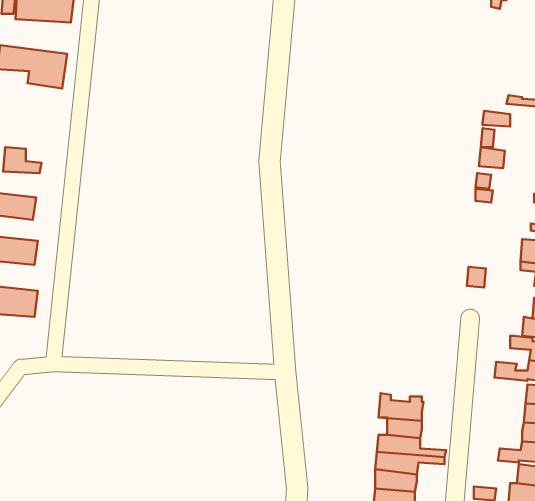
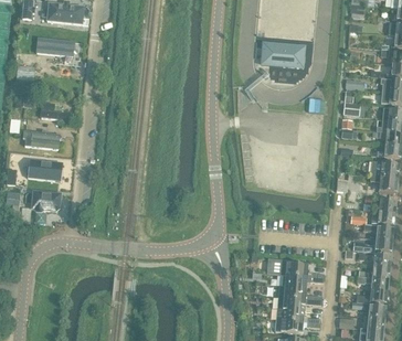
building: none -> [262,42,304,66]

